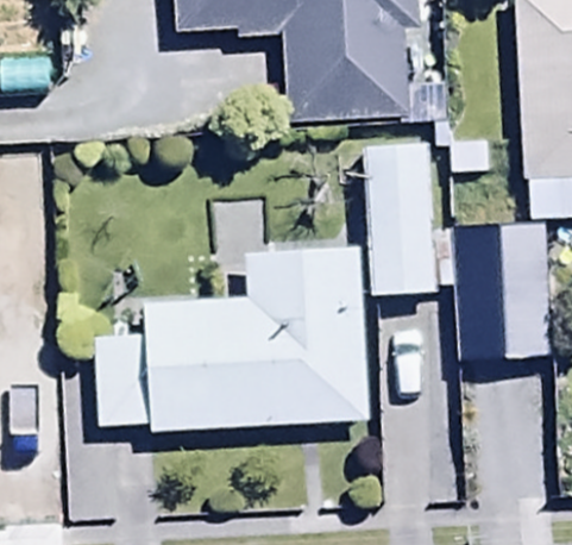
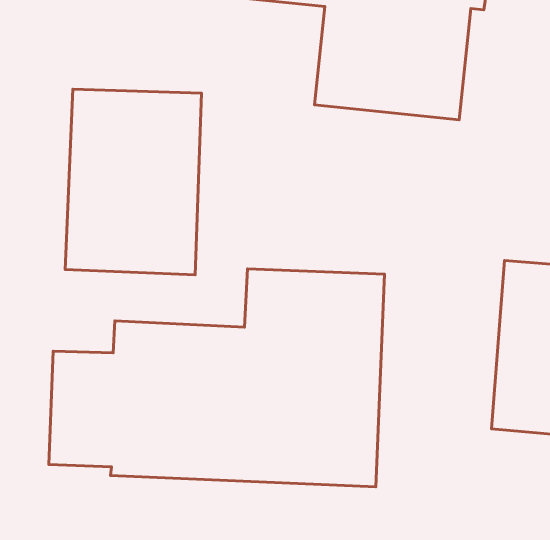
building: none -> [65,89,201,275]
building: [362,142,439,295] -> none

